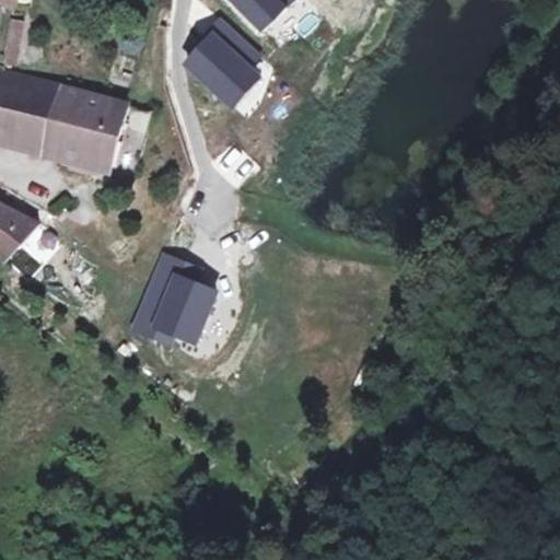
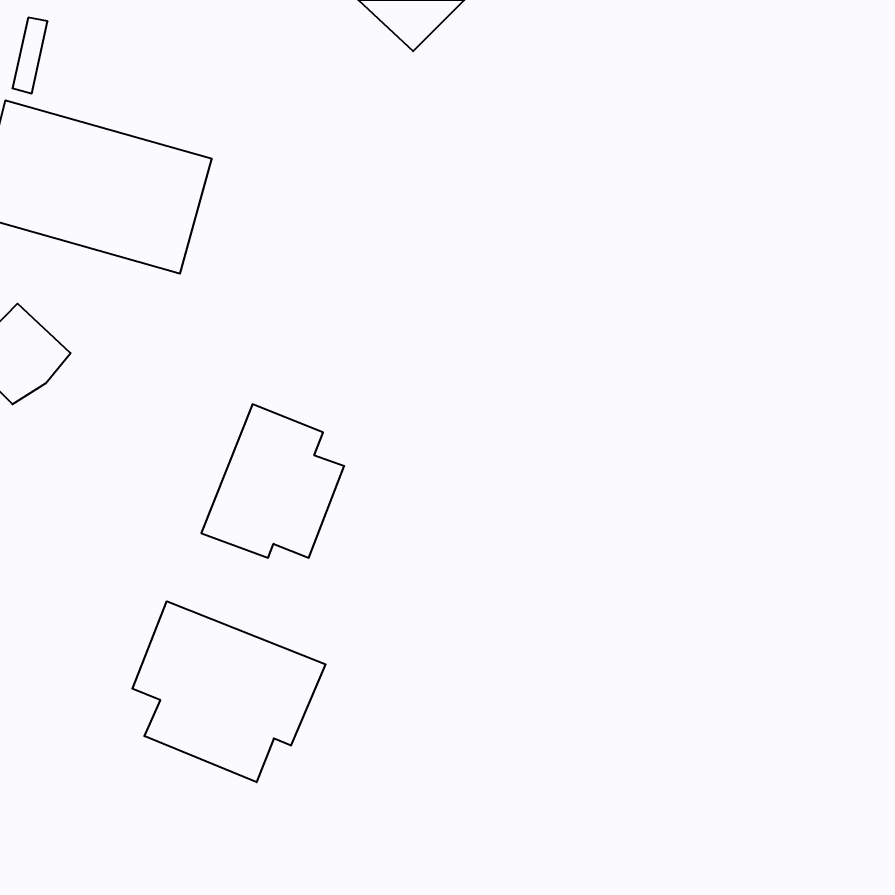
building: [178,22,261,114] -> none
building: none -> [132,601,326,782]

